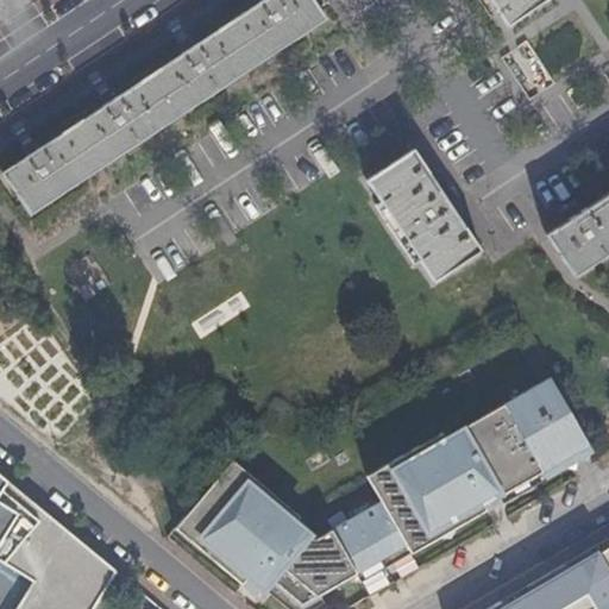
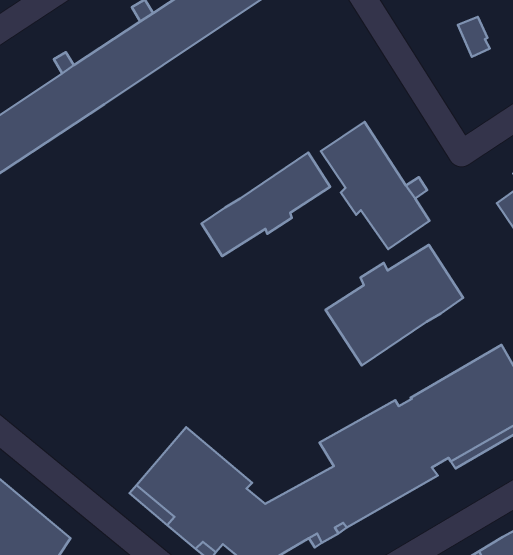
building: none -> [202,153,330,256]
building: none -> [326,245,463,366]

